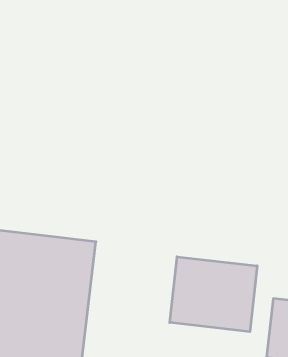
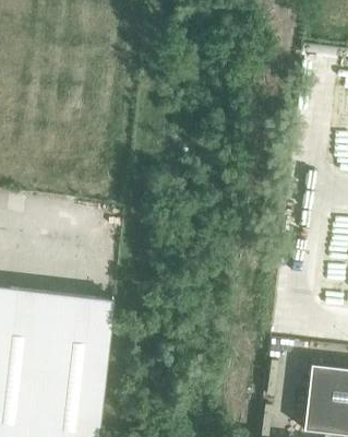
building: [170,257,257,332] -> none

